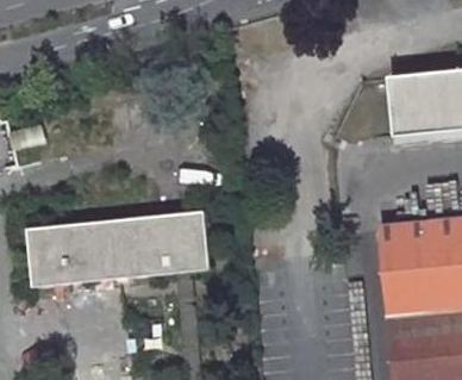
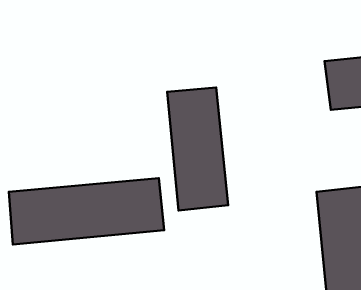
building: none -> [167,87,228,211]

